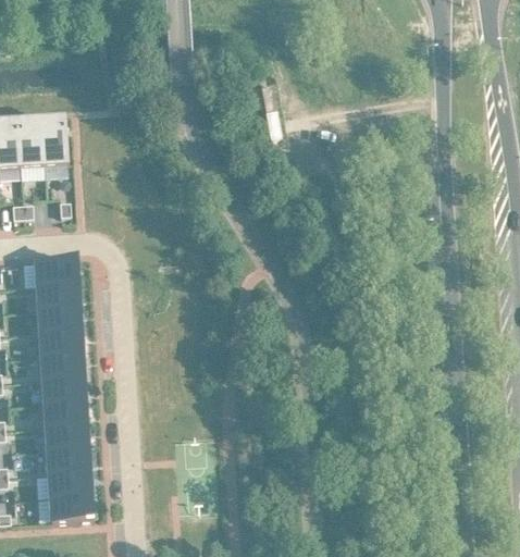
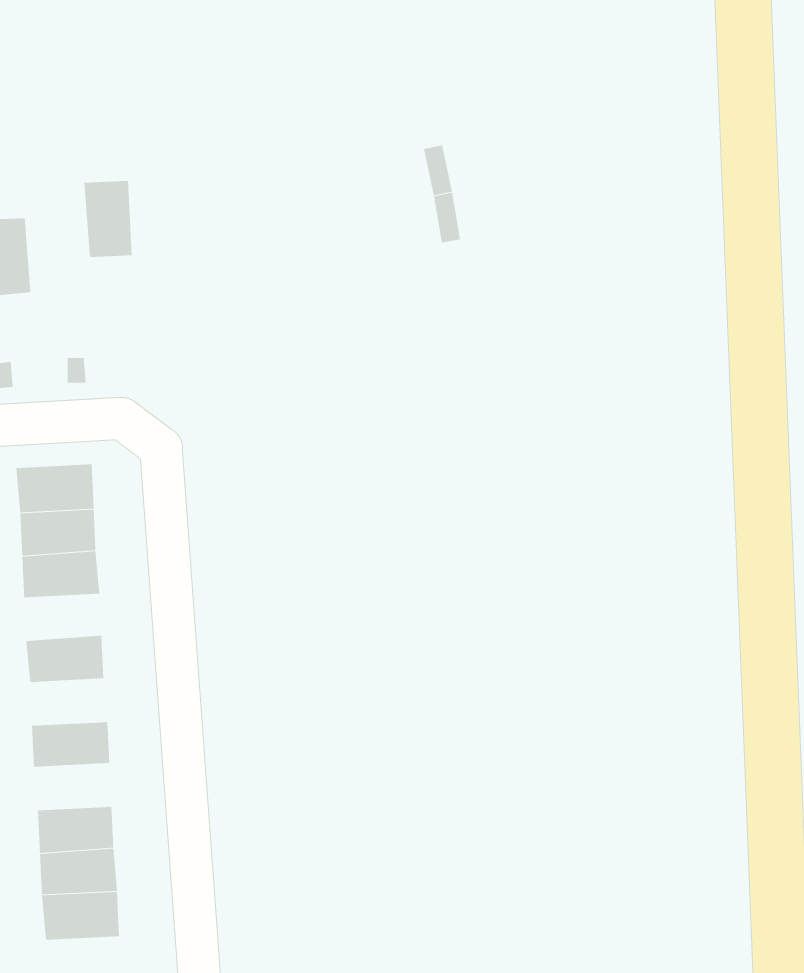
building: [40,124,67,166] -> [83,181,133,257]
building: [39,333,83,359] -> none
building: [42,380,86,406] -> none
building: [45,426,88,453] -> none

